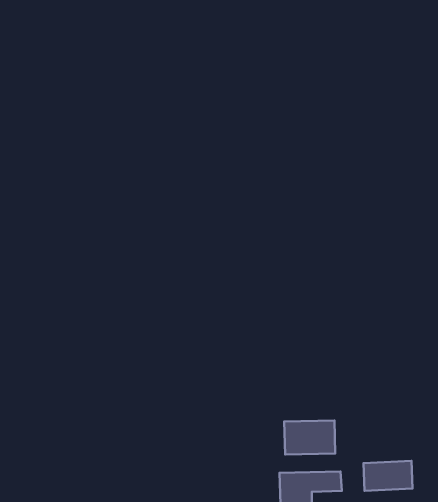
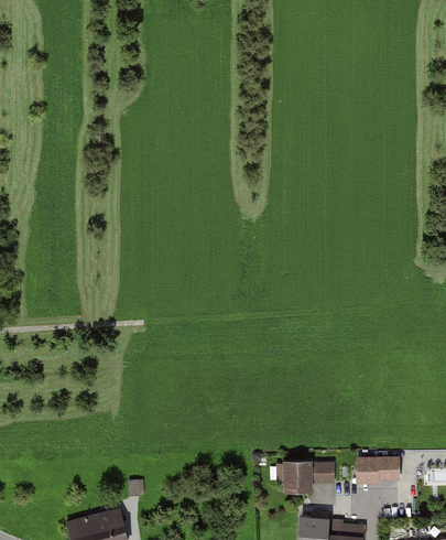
building: [284,420,335,455] -> none

